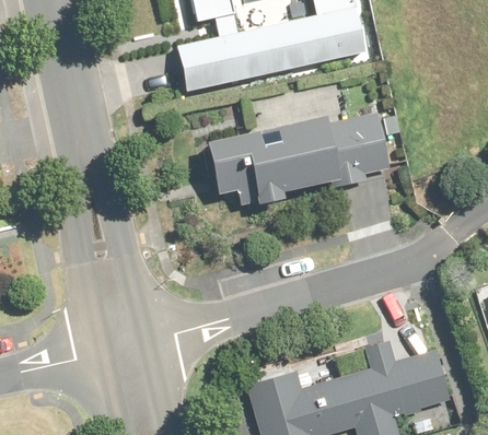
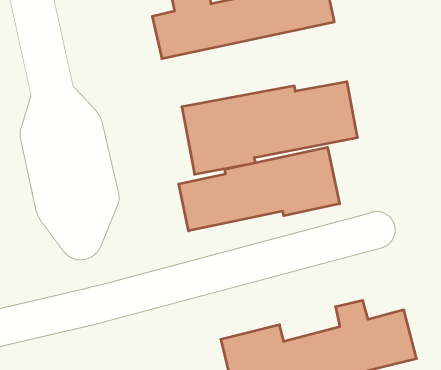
building: none -> [179,147,340,231]

